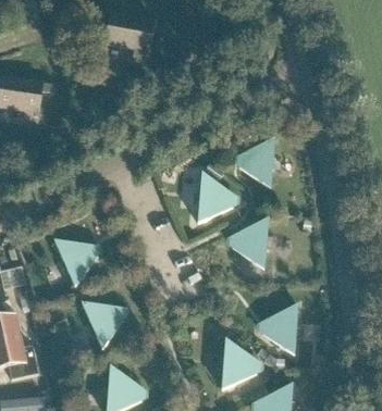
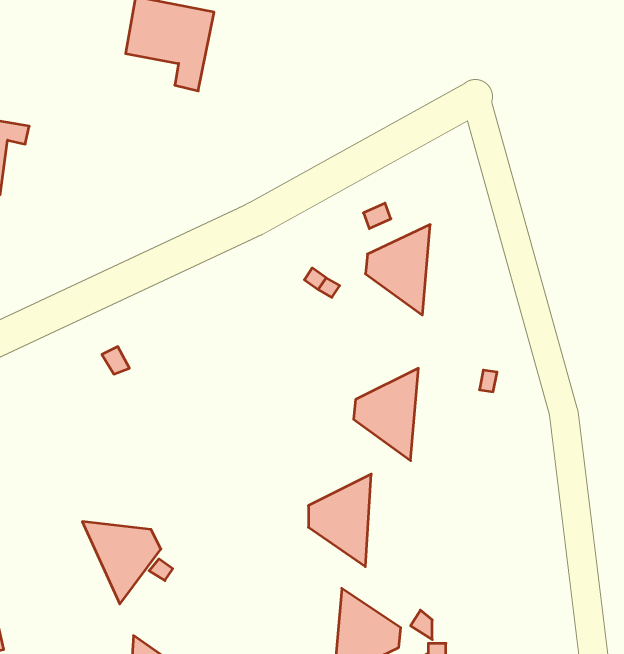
building: [197,174,234,224] -> none
building: [54,242,98,288] -> none
building: [262,306,297,357] -> [308,474,371,567]

